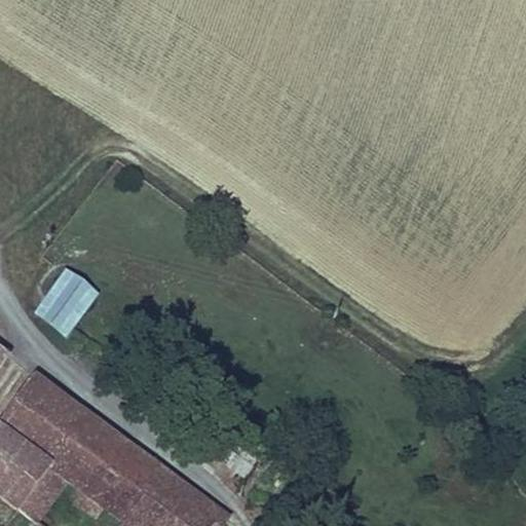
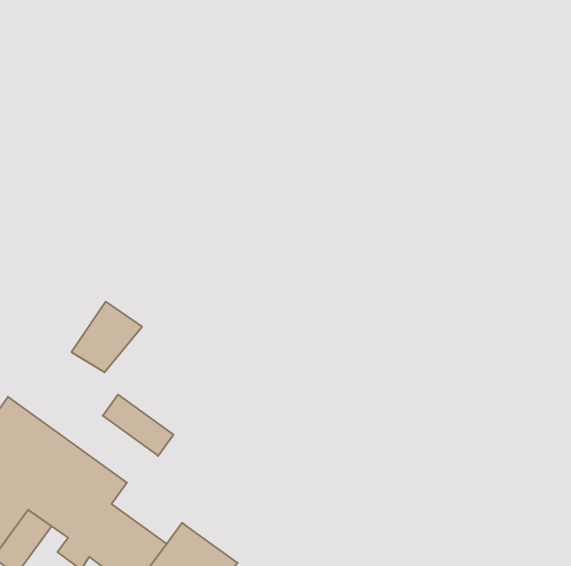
building: [37,270,99,332] -> [72,302,142,372]
building: [119,443,181,496] -> [103,395,173,456]

